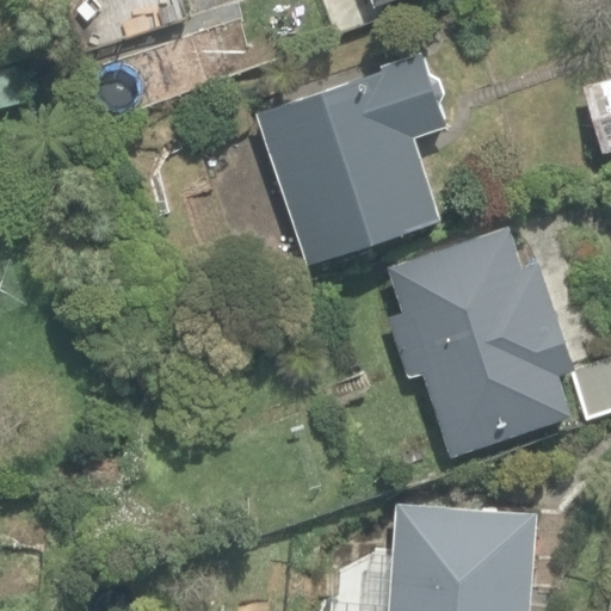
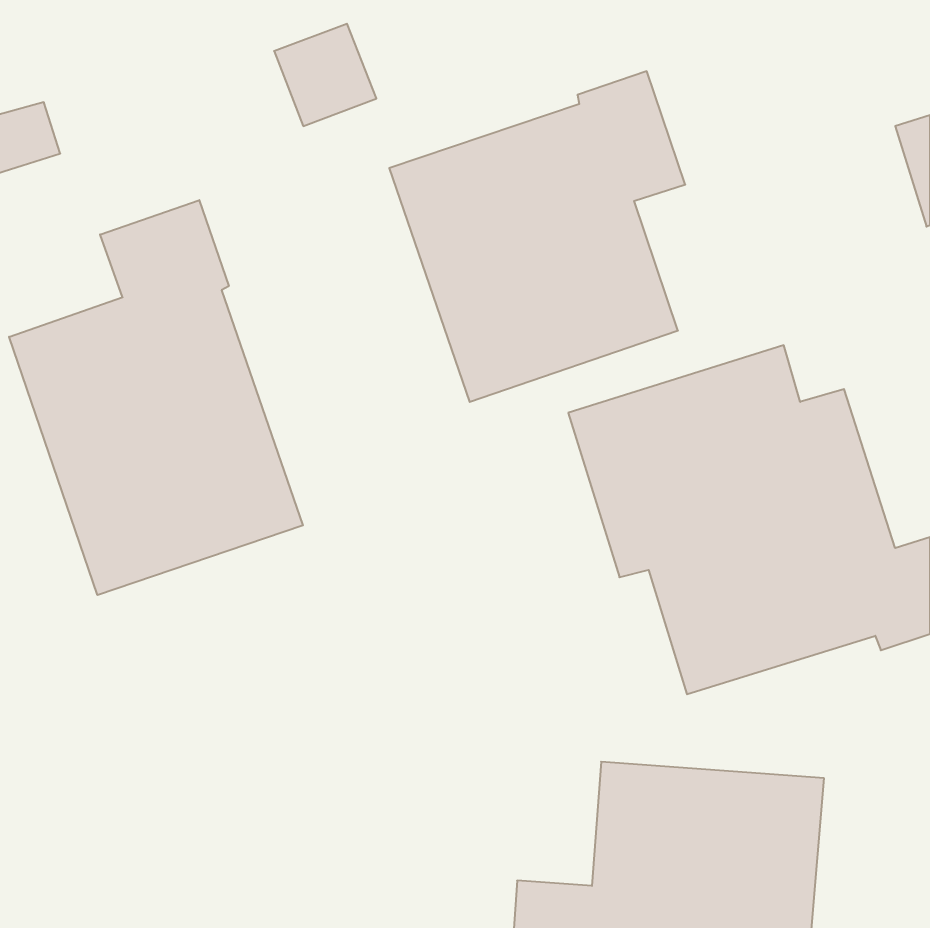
building: none -> [9,200,303,595]

